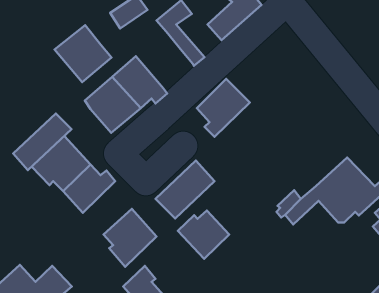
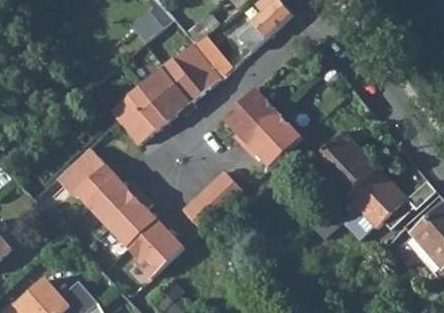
building: [55,25,112,82] -> [162,42,220,100]
building: none -> [242,114,301,169]
building: [13,113,71,170] -> none
building: none -> [310,133,377,199]
building: none -> [108,194,158,248]
building: [178,210,229,259] -> none

